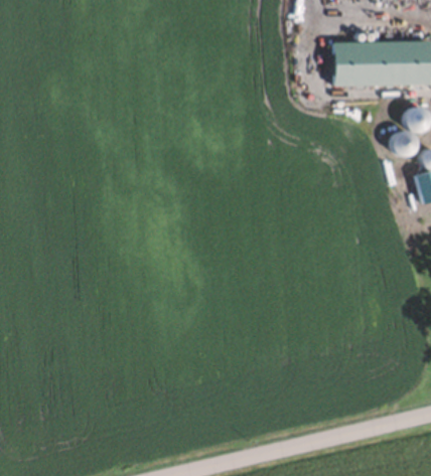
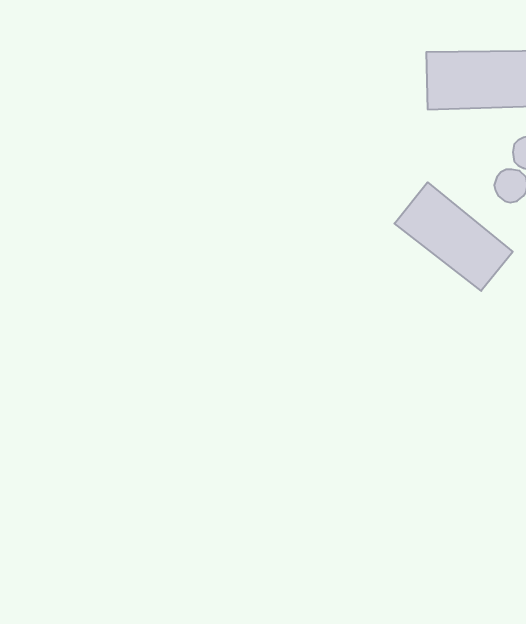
building: none -> [394,182,513,291]

